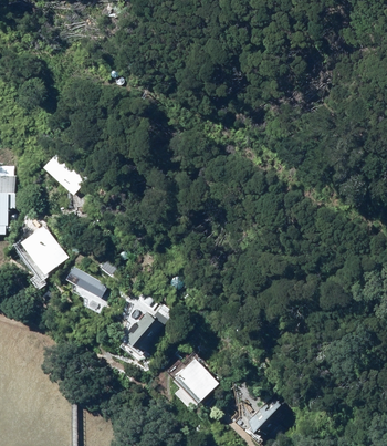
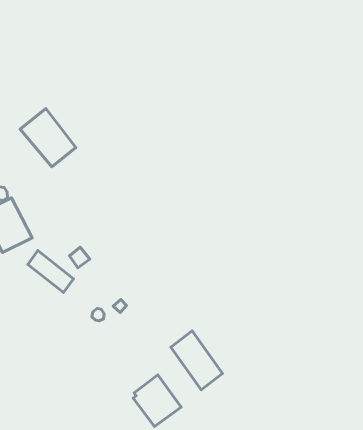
building: [126,313,163,351] -> none
building: none -> [171,331,223,390]

